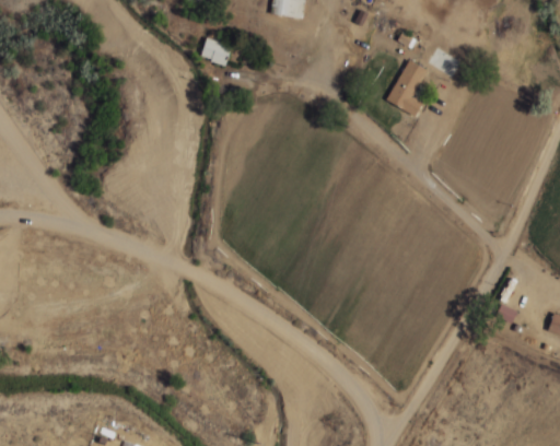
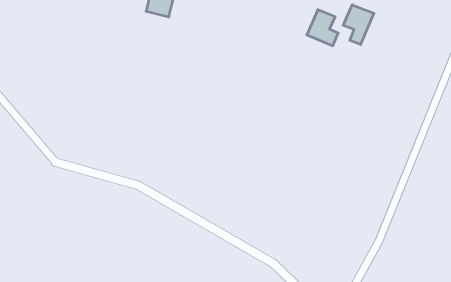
building: none -> [343,5,374,45]

